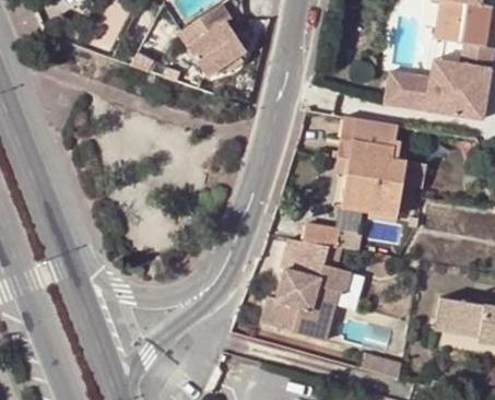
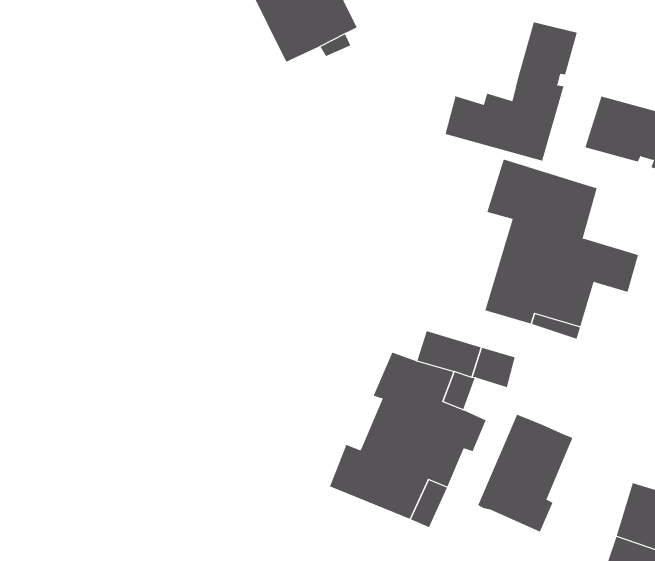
building: none -> [445,21,578,162]
building: none -> [478,414,573,532]

